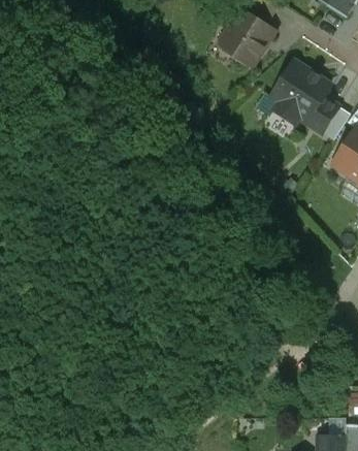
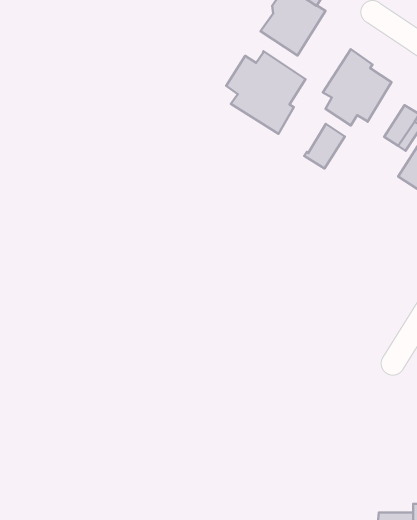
building: none -> [226,51,306,134]
building: [304,96,337,132] -> [304,124,345,168]

